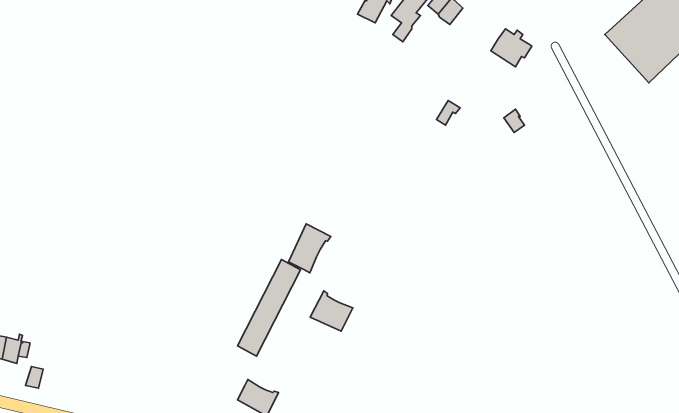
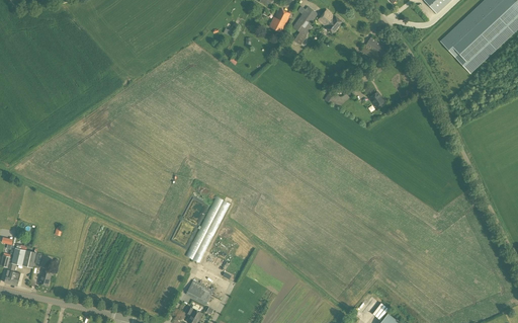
building: [288,224,331,273] -> none
building: [310,291,353,331] -> none

